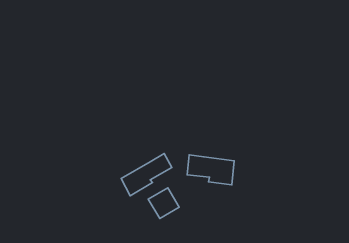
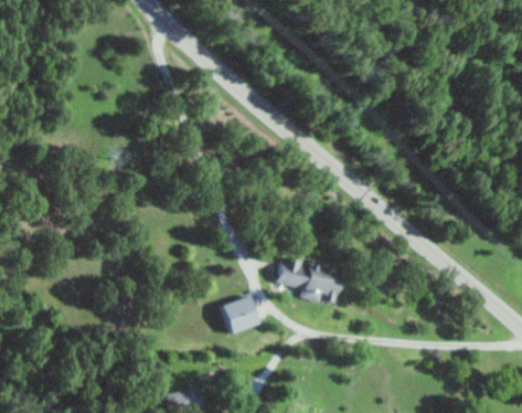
building: [121,153,172,196] -> none

